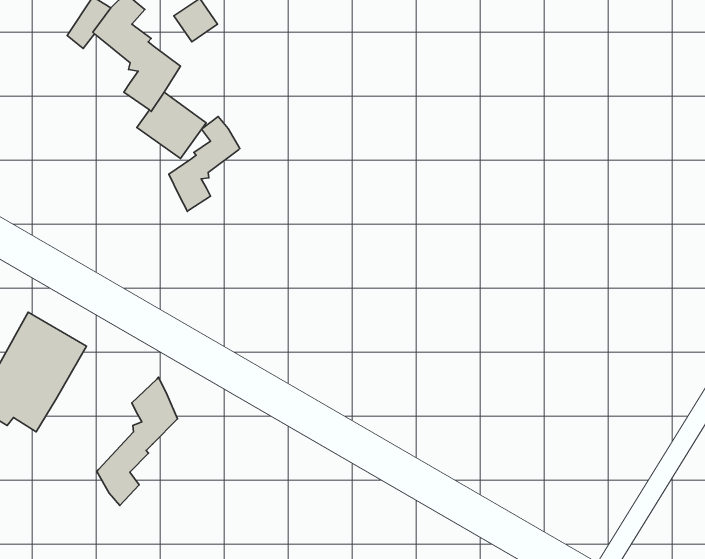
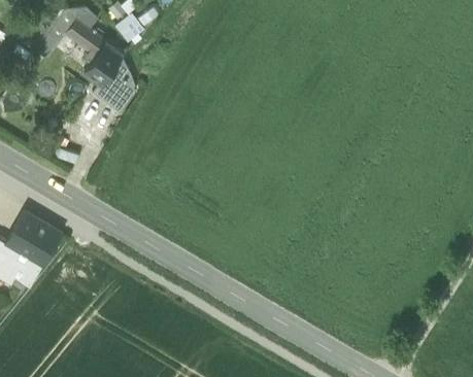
building: [169,117,240,211] -> none
building: [97,377,178,506] -> none

